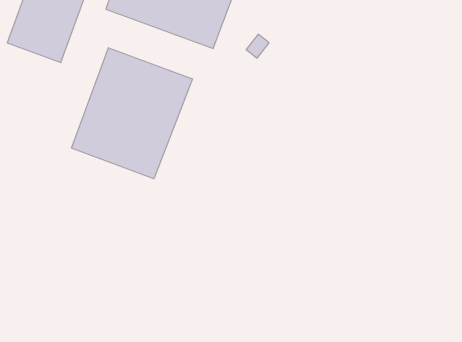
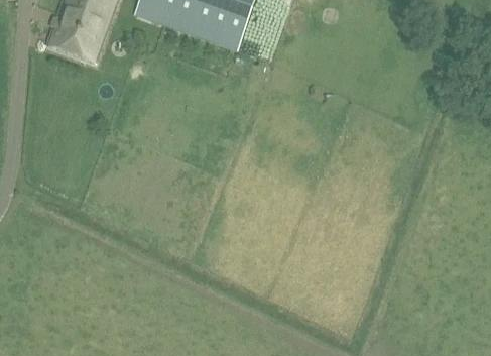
building: [71,48,193,179] -> none

